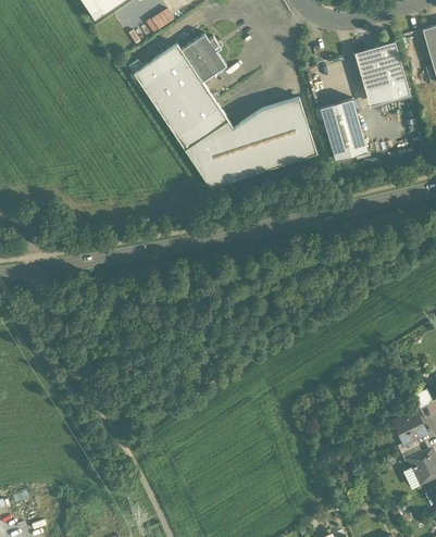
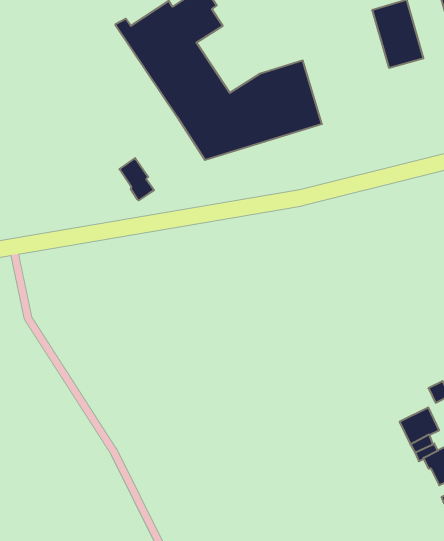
building: [320,98,366,160] -> none
building: none -> [119,158,154,200]

